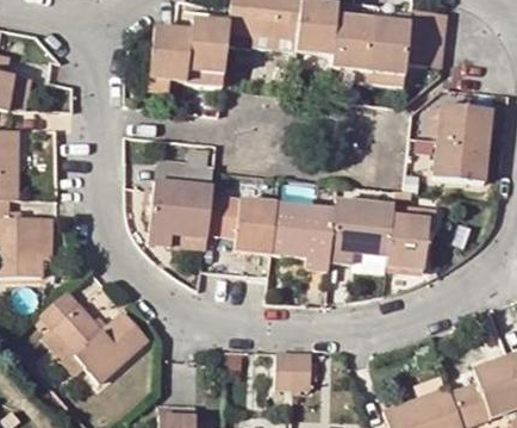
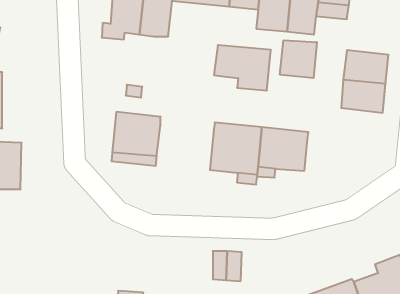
building: none -> [280,40,317,78]
building: [207,196,278,252] -> [214,45,271,91]
building: [388,213,428,268] -> none
building: [41,290,149,382] -> none

